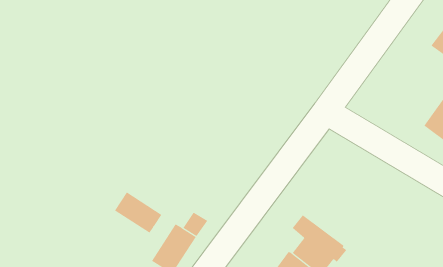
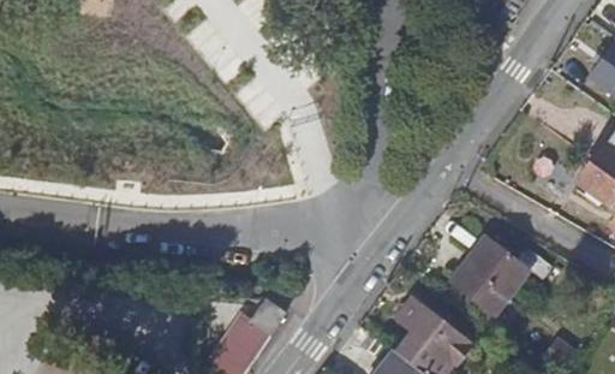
building: none -> [446,235,524,313]
building: [114,192,162,234] -> none

